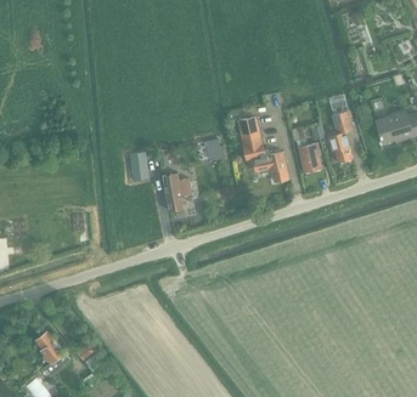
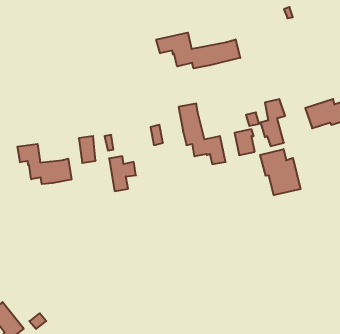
building: none -> [156,33,240,68]
building: none -> [17,144,71,184]
building: none -> [260,149,301,195]

